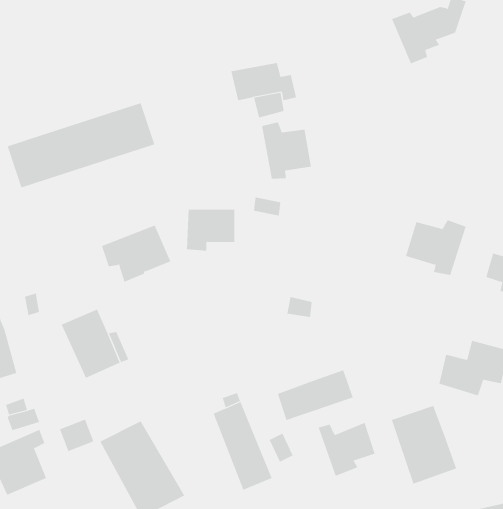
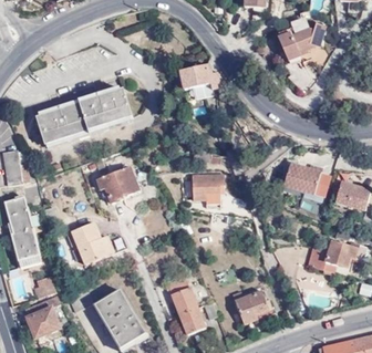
building: [262,122,311,179] -> none
building: [186,209,235,251] -> [192,174,223,200]
building: [277,369,353,421] -> none
building: [391,405,457,484] -> none

